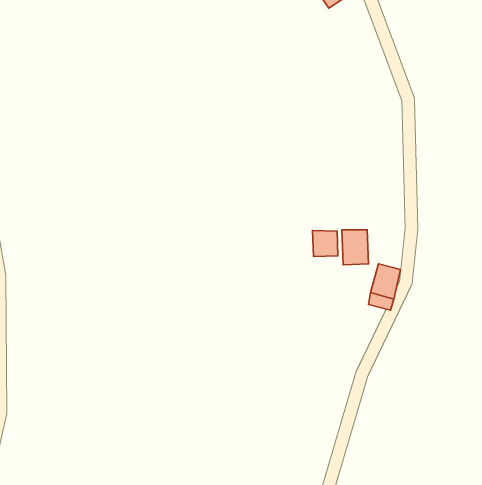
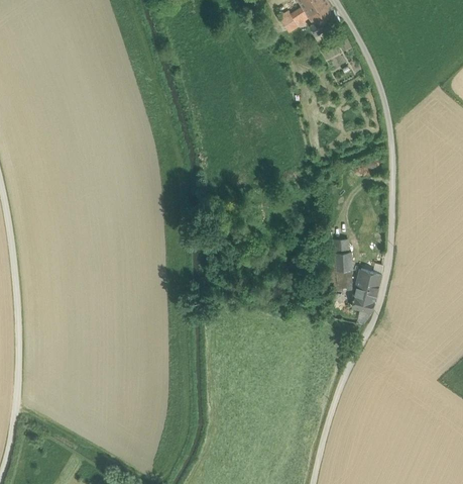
building: [312,230,338,256] -> none

